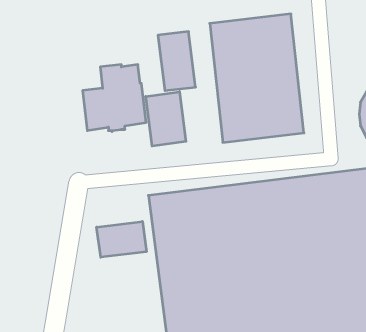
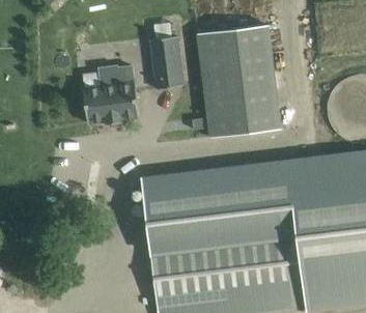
building: [146,92,186,146] -> none
building: [97,221,146,257] -> none

